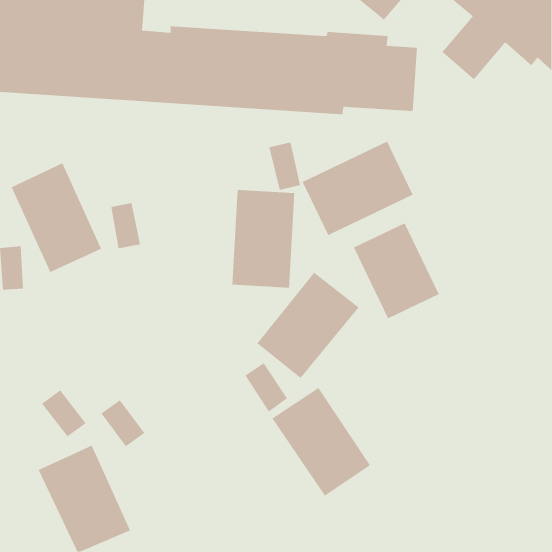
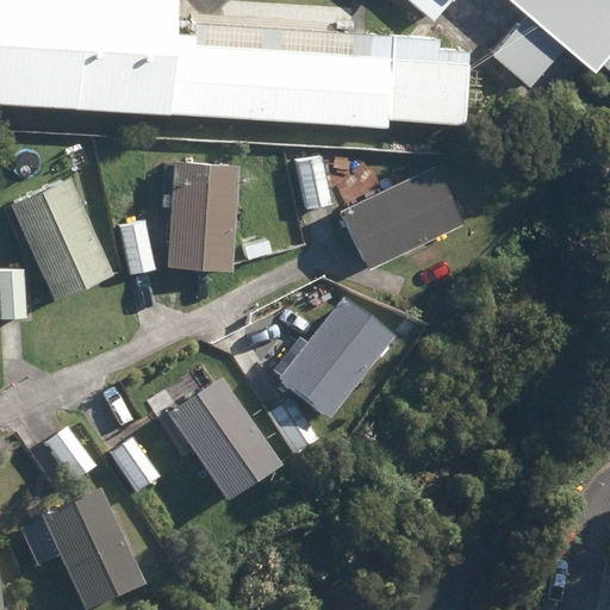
building: [231,190,295,288] -> [168,164,238,273]
building: [353,222,439,319] -> none
building: [271,387,371,496] -> [170,381,280,502]

